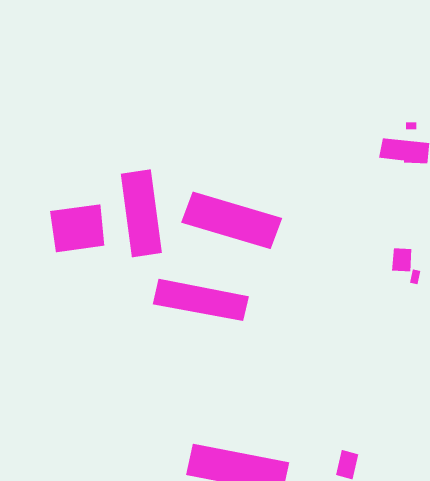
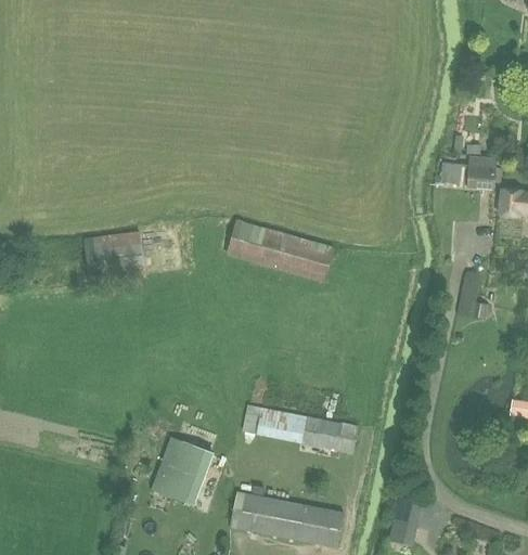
building: [120,168,163,258] -> none
building: [152,278,250,321] -> [250,405,357,452]
building: none -> [155,440,210,502]

